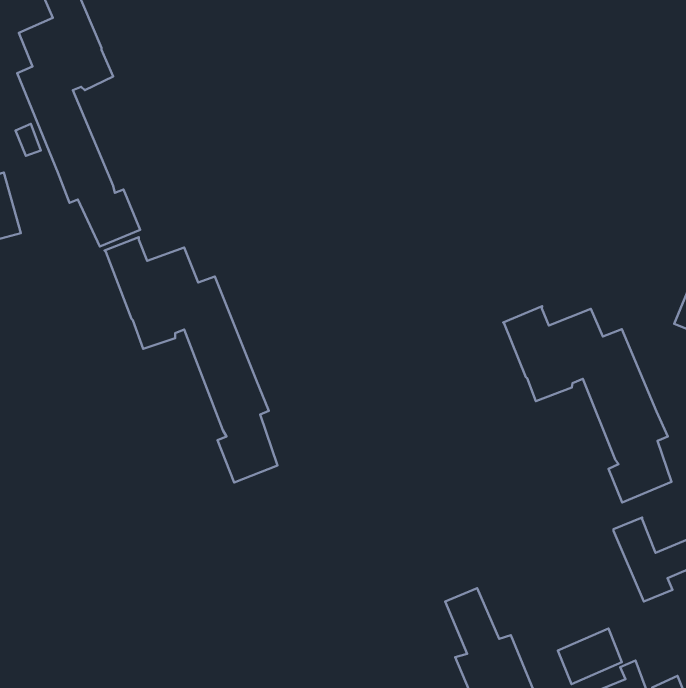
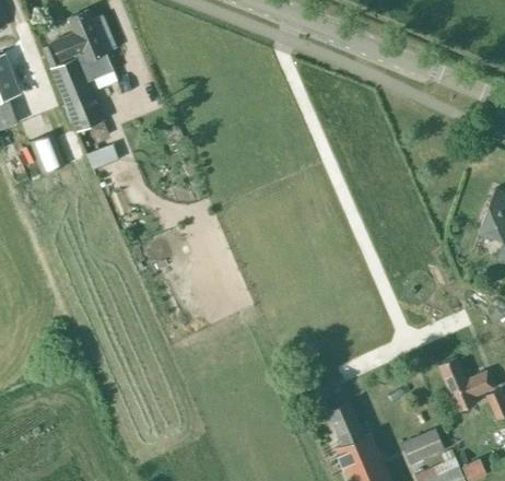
building: [104,237,278,482] -> none
building: [503,306,672,503] -> none

